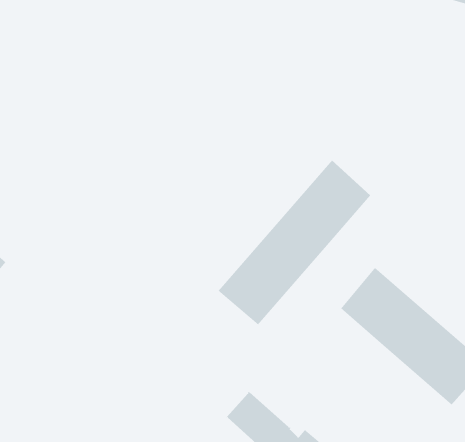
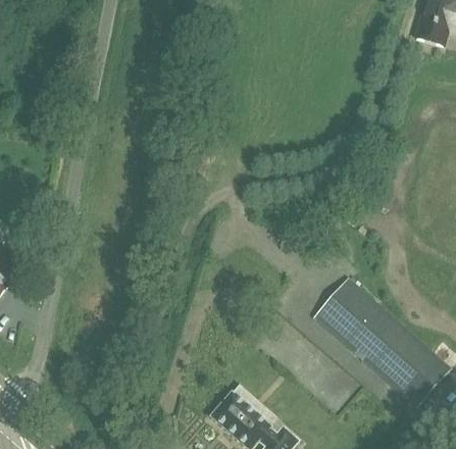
building: [217,160,371,325] -> none

